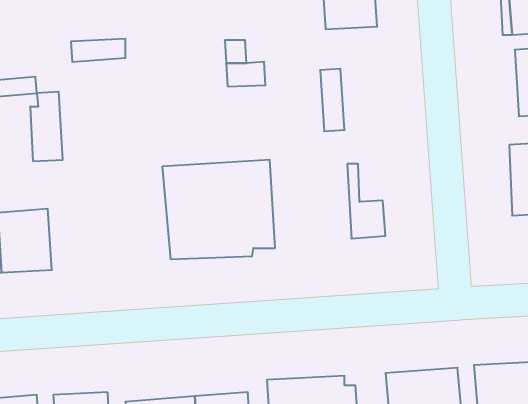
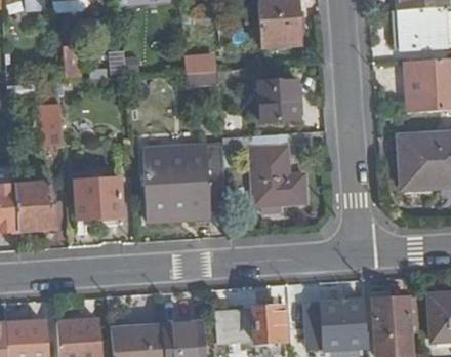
building: none -> [274,74,301,121]
building: none -> [249,147,283,213]
building: none -> [77,176,123,226]

